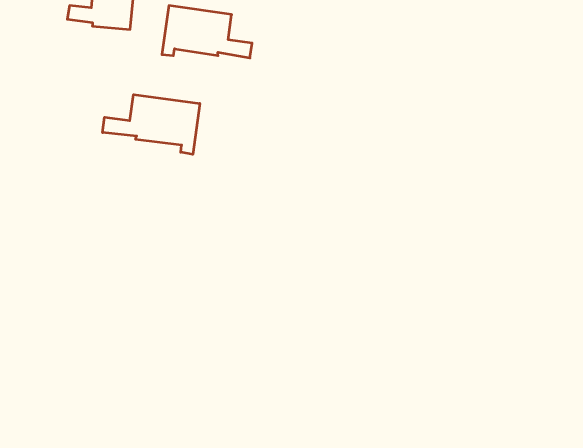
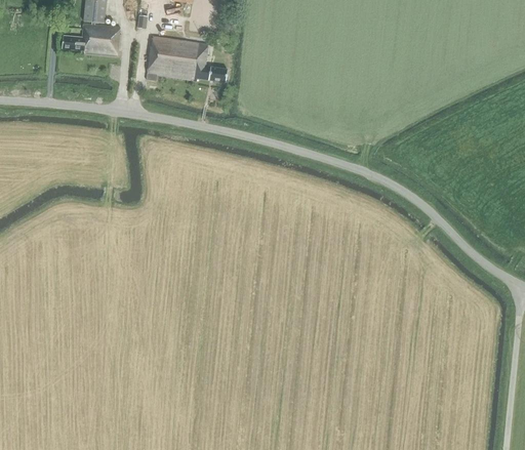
building: [103,95,200,154] -> none

